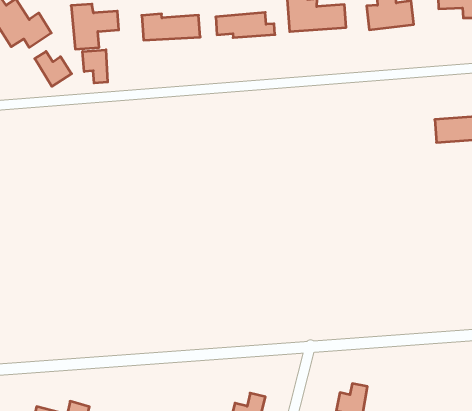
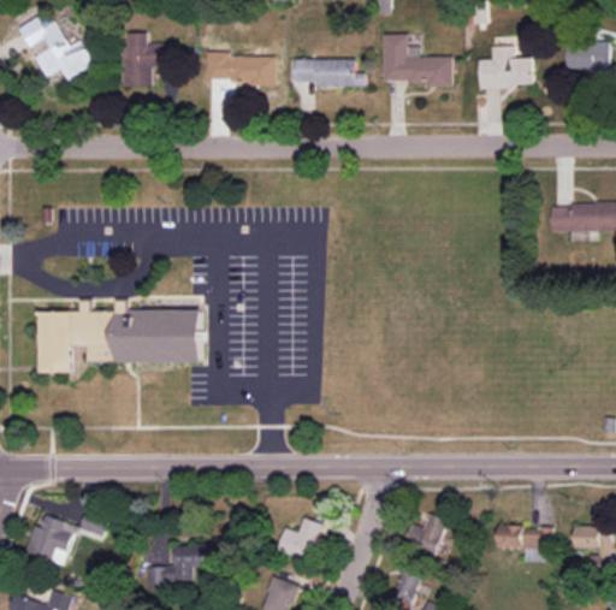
building: [83,50,108,83] -> none
building: [35,51,72,86] -> none
building: none -> [41,301,202,374]
building: none -> [497,526,550,549]

